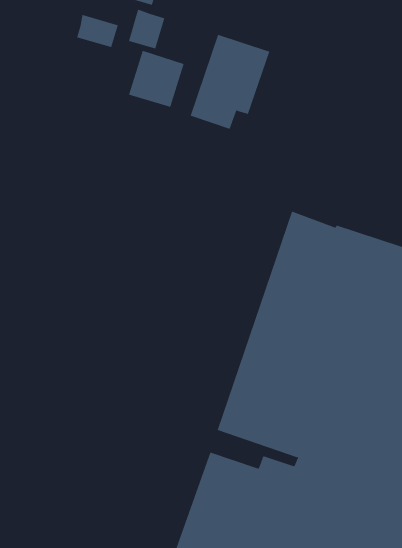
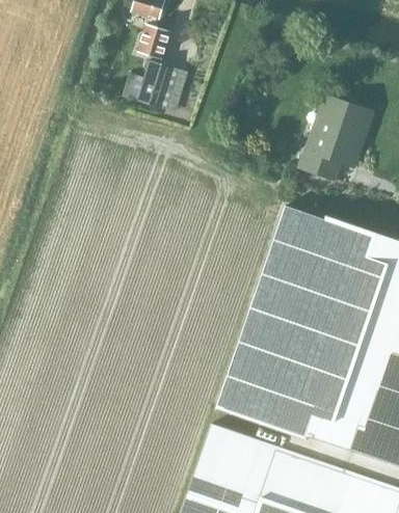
building: [77,14,118,48] -> none
building: [190,34,270,129] -> [300,96,373,182]

